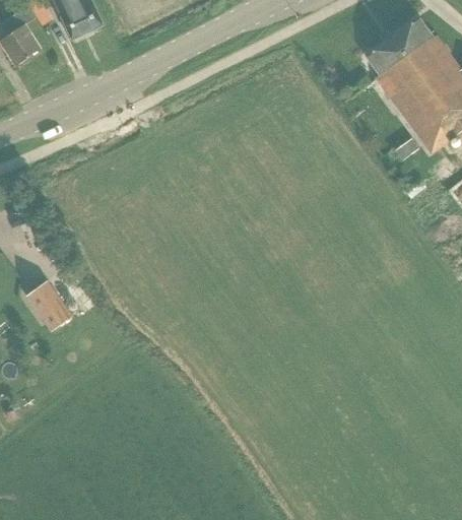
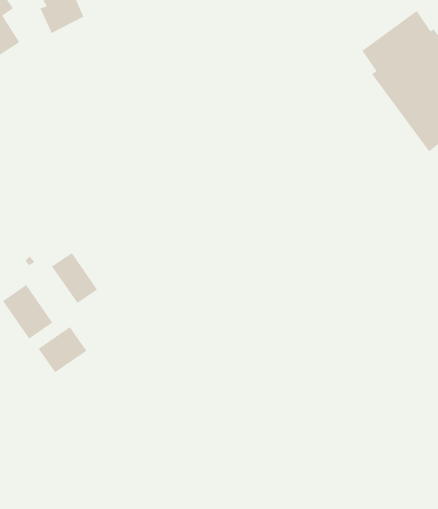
building: none -> [51,252,98,304]
building: none -> [38,326,87,373]

